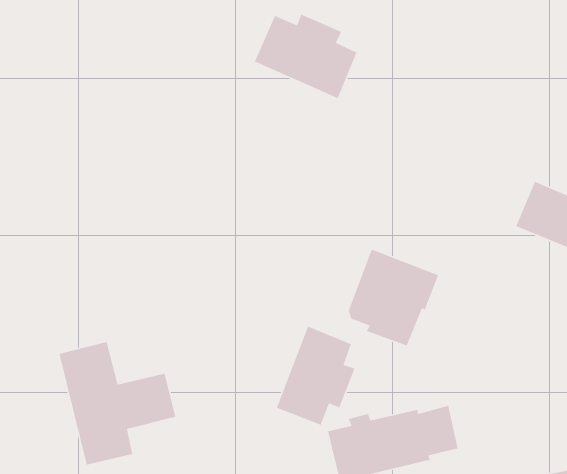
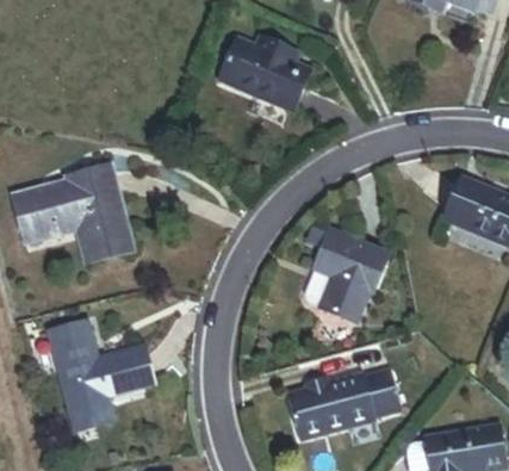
building: none -> [18,162,130,256]
building: [276,325,356,426] -> none

